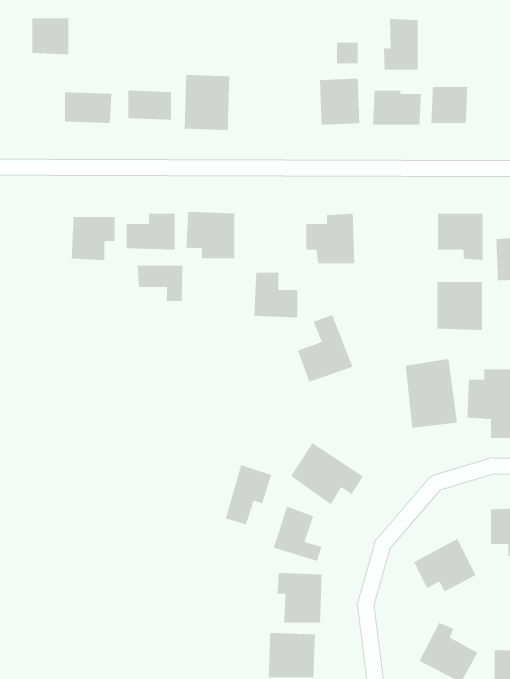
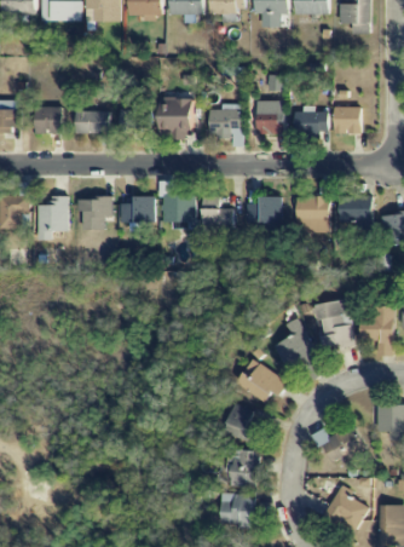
building: [31,18,69,55] -> [36,106,63,133]
building: [383,18,419,71] -> none
building: none -> [210,104,241,134]
building: none -> [37,196,69,240]
building: [137,265,183,302] -> none
building: [254,272,298,318] -> [202,196,233,229]
building: [437,281,483,331] -> [296,196,329,231]
building: [297,314,353,383] -> [275,318,314,367]
building: [225,464,272,526] -> none

